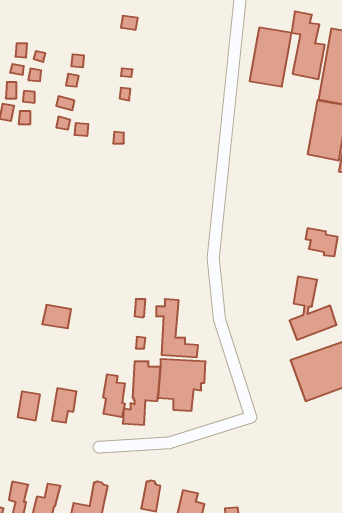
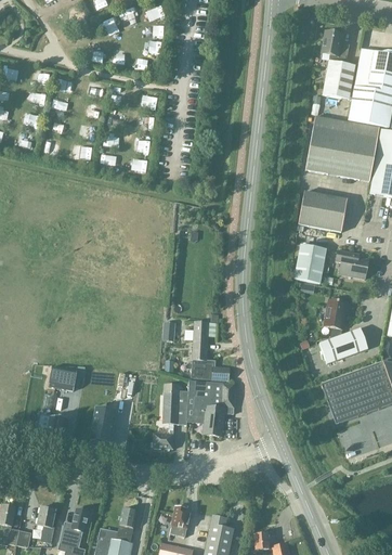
building: [250,28,292,87] -> [305,116,348,176]
building: none -> [298,192,347,232]
building: none -> [293,244,326,284]
building: [42,305,71,328] -> [48,366,77,390]
building: [103,374,125,417] -> none

